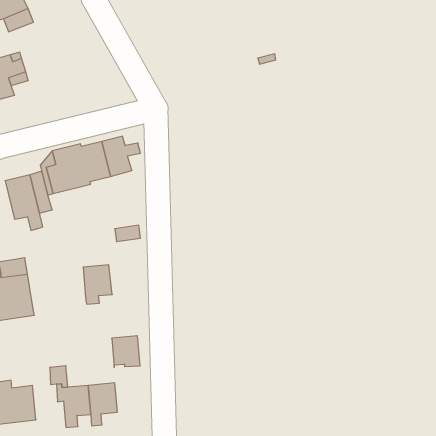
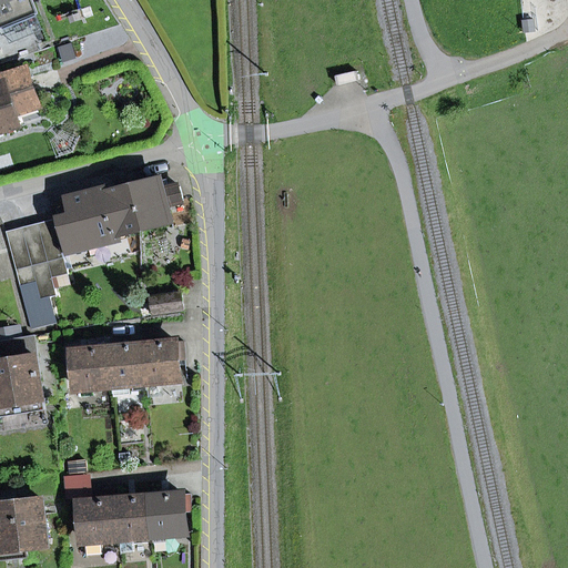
building: none -> [19,281,54,327]
building: none -> [141,341,179,382]
building: none -> [73,346,111,386]
building: [112,336,140,367] -> [149,493,185,534]

